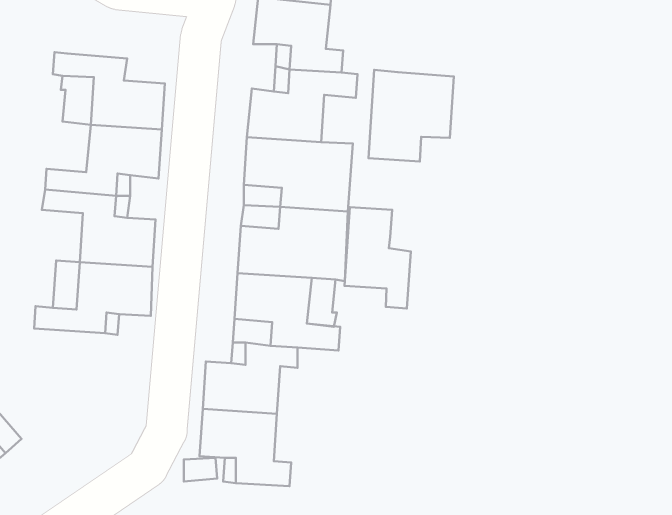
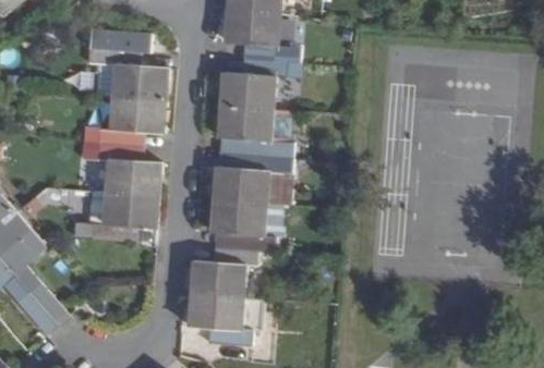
building: none -> [97,36,166,66]
building: [368,70,454,161] -> none
building: [344,207,411,308] -> none

